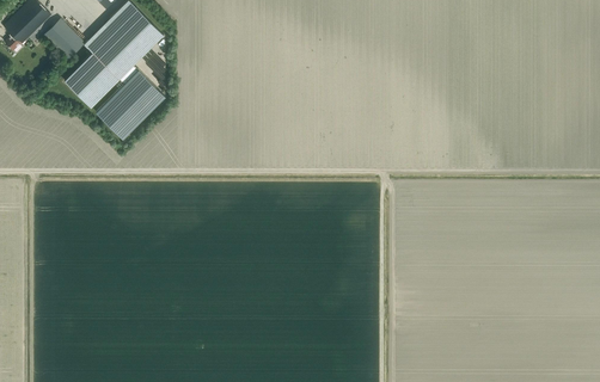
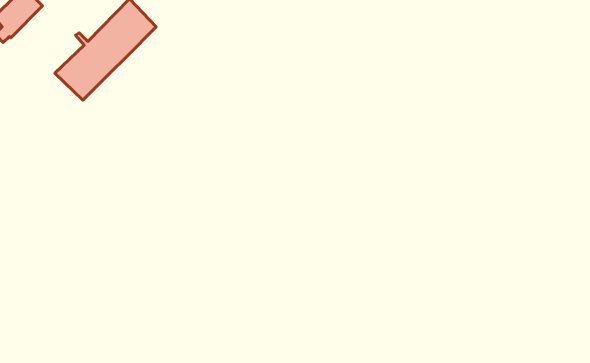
building: [44,19,84,58] -> none
building: [96,64,165,138] -> none

